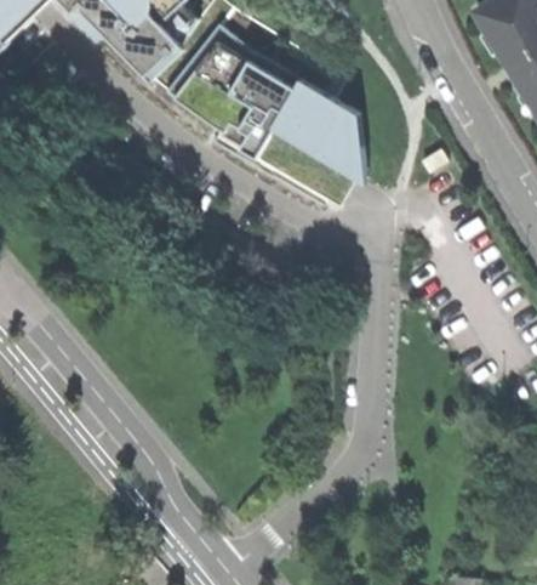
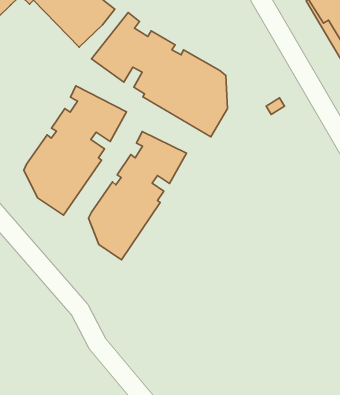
building: none -> [24,86,126,215]
building: none -> [89,131,187,260]

